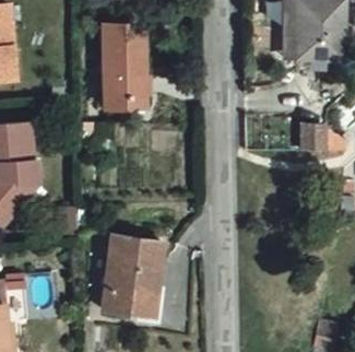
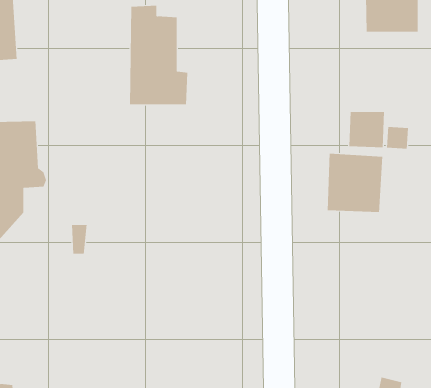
building: none -> [327,153,383,213]
building: [108,247,169,322] -> none

